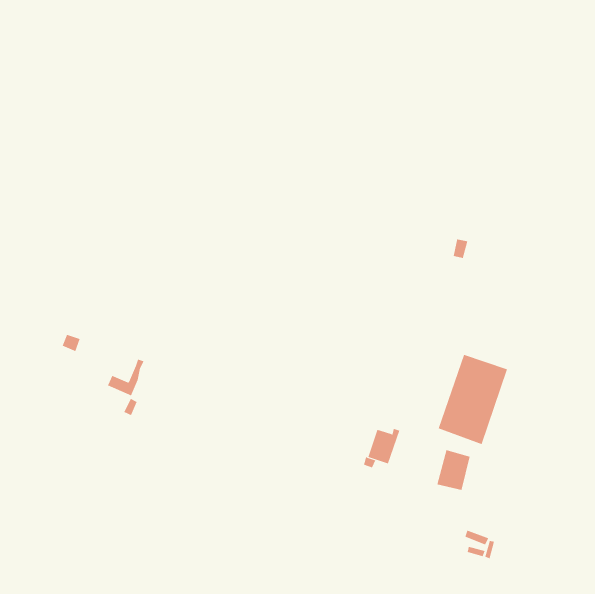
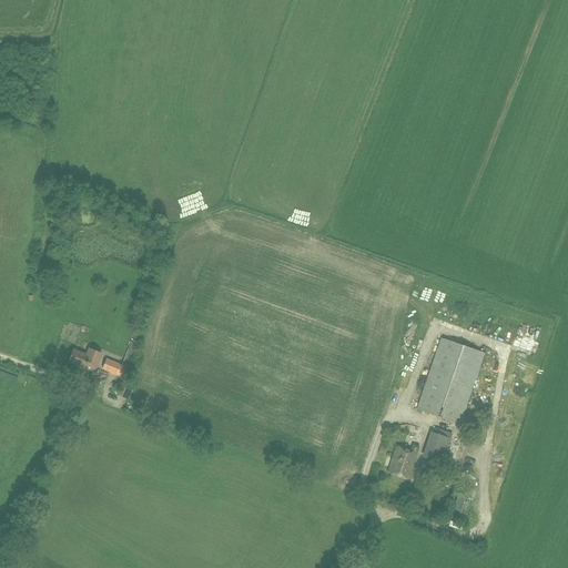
building: none -> [68,347,101,369]
building: [367,428,400,464] -> [388,444,419,478]

